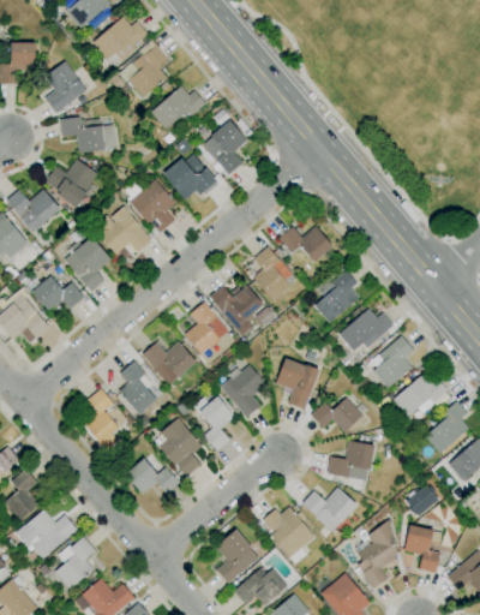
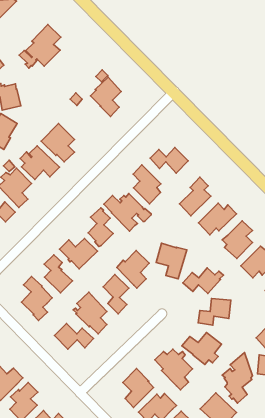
building: [94,12,148,68] -> none
building: [151,86,206,130] -> none
building: [163,155,218,201] -> none

